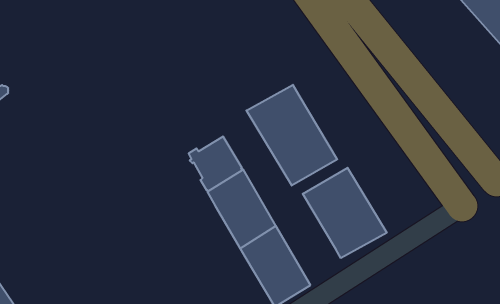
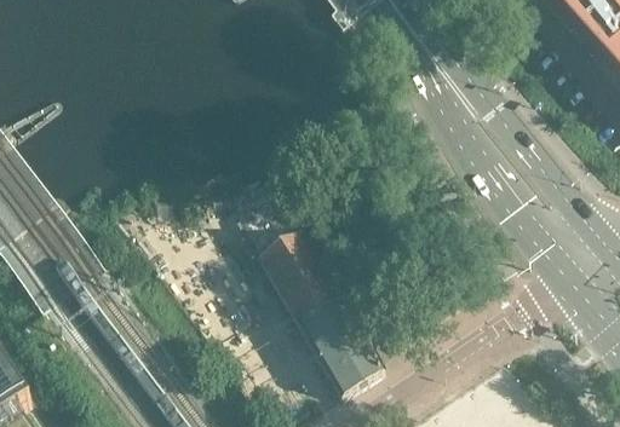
building: [246,85,337,186] -> none
building: [303,168,387,258] -> none

